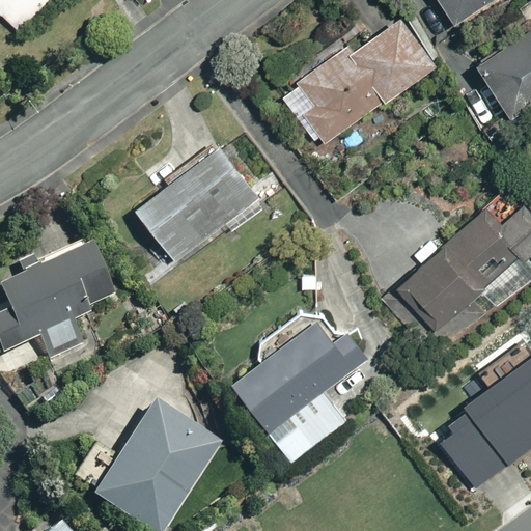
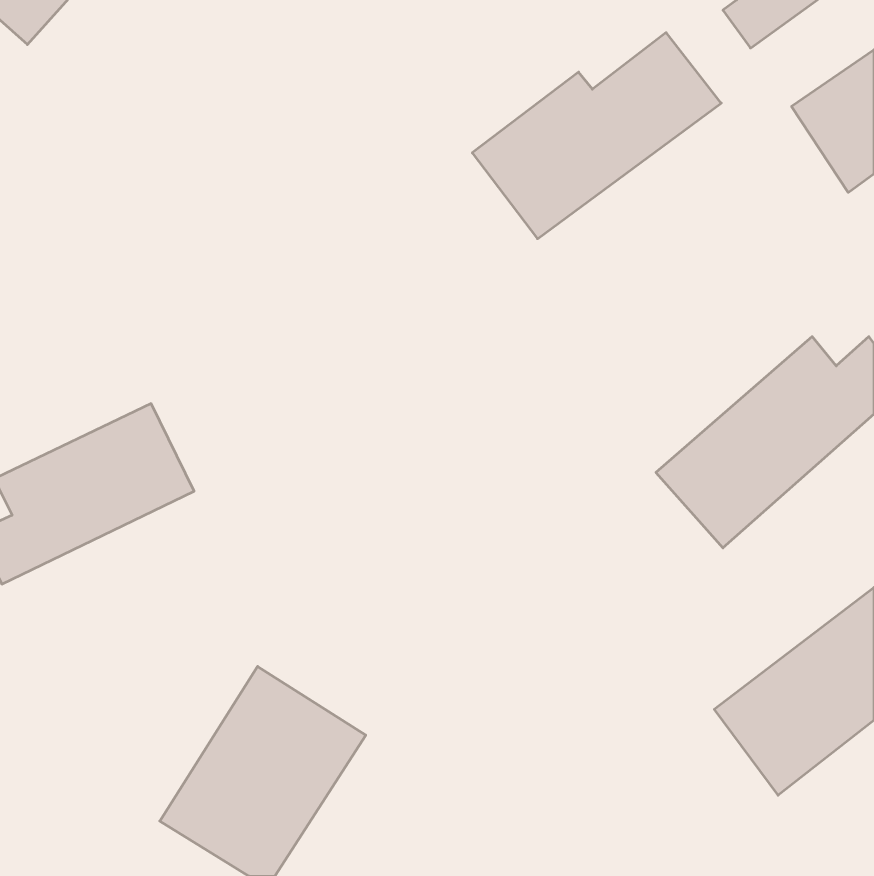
building: [137,146,264,261] -> none
building: [234,315,368,459] -> none

